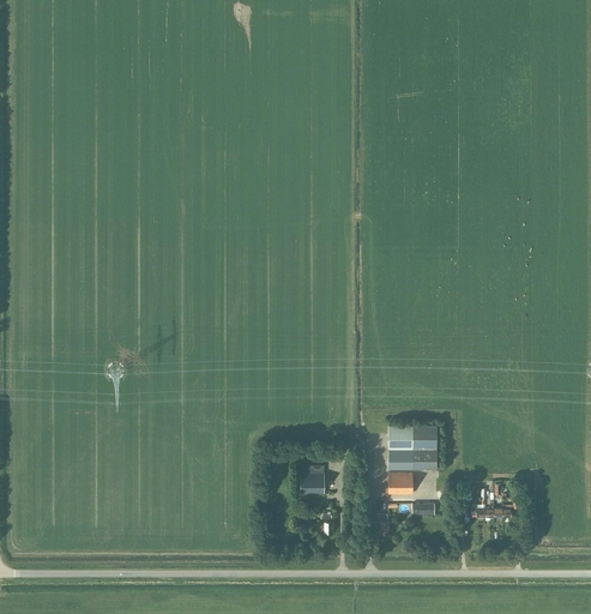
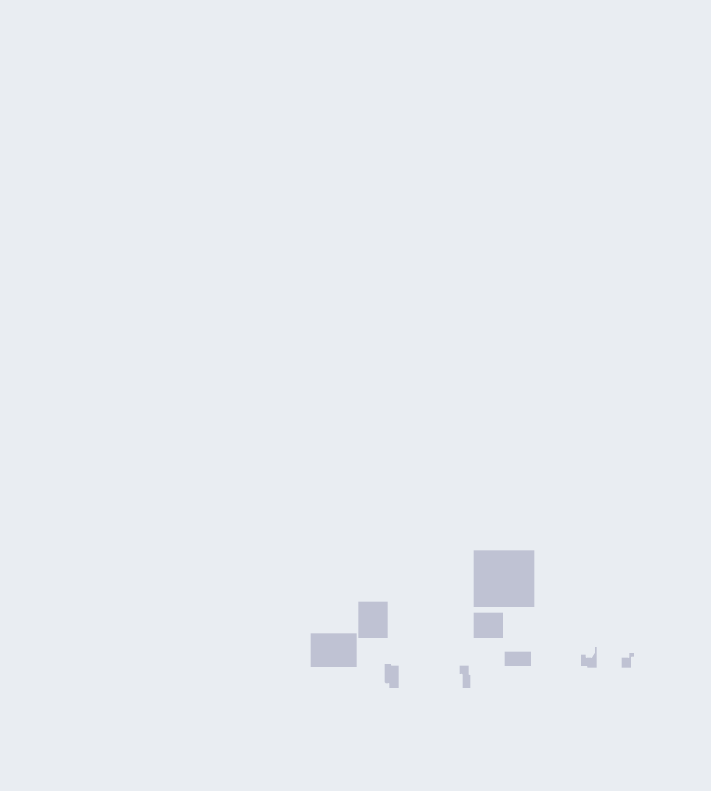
building: none -> [310,633,357,668]

